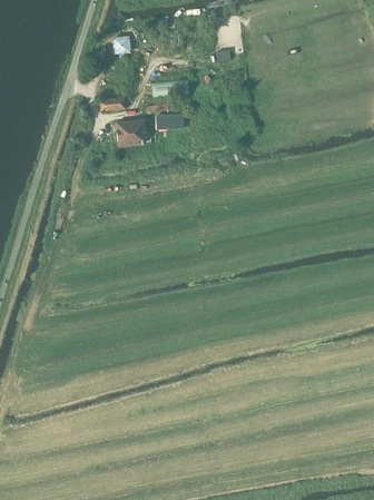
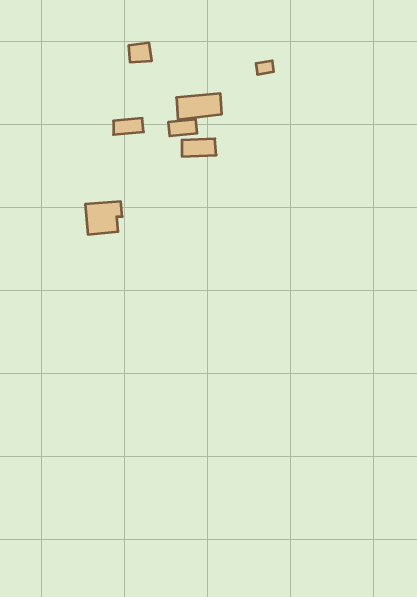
building: [116,120,146,147] -> [85,202,122,234]

